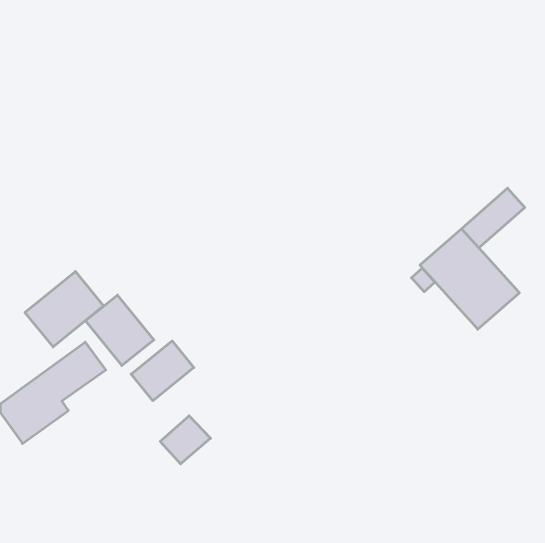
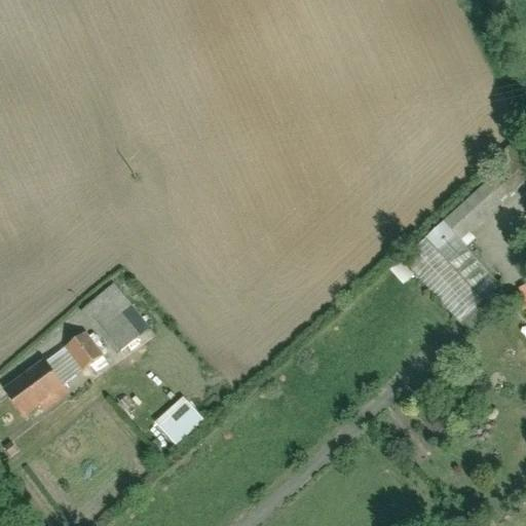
building: [25,271,104,347] -> none
building: [131,341,194,401] -> none

